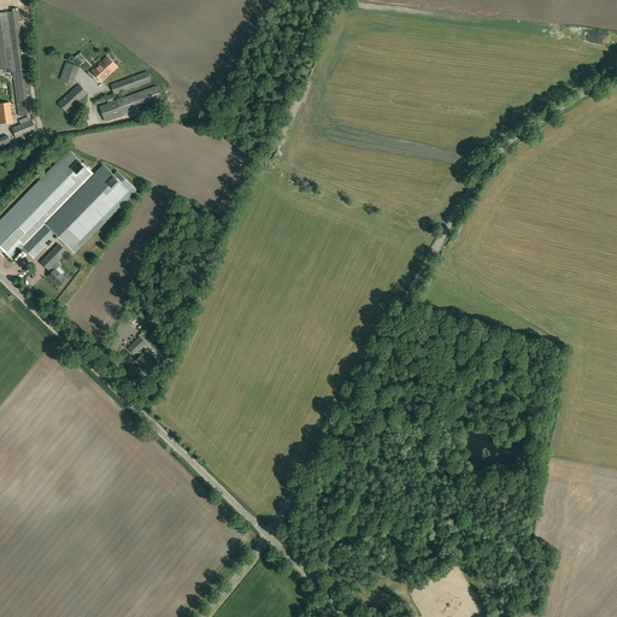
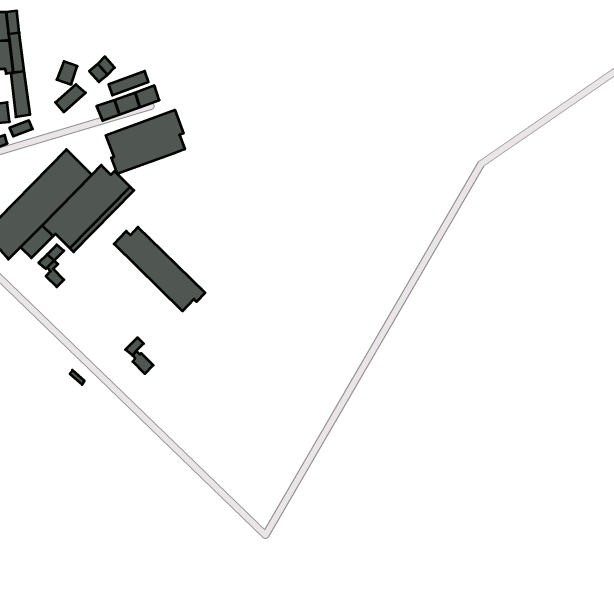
building: none -> [106,110,185,174]
building: none -> [114,227,205,311]

